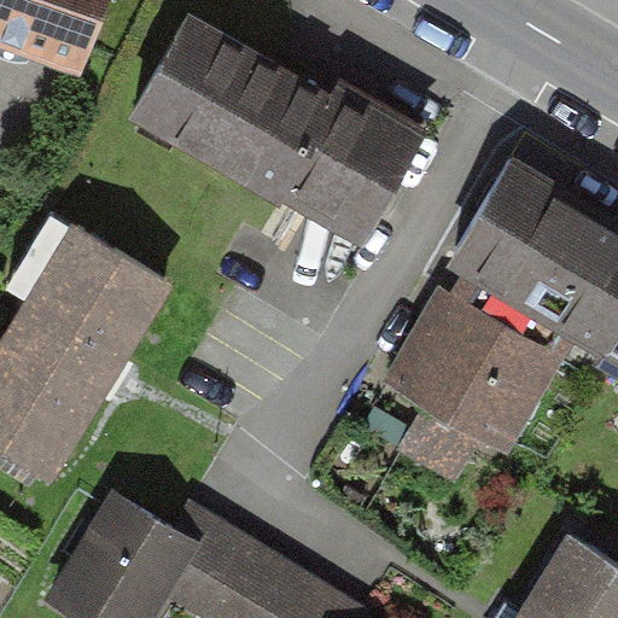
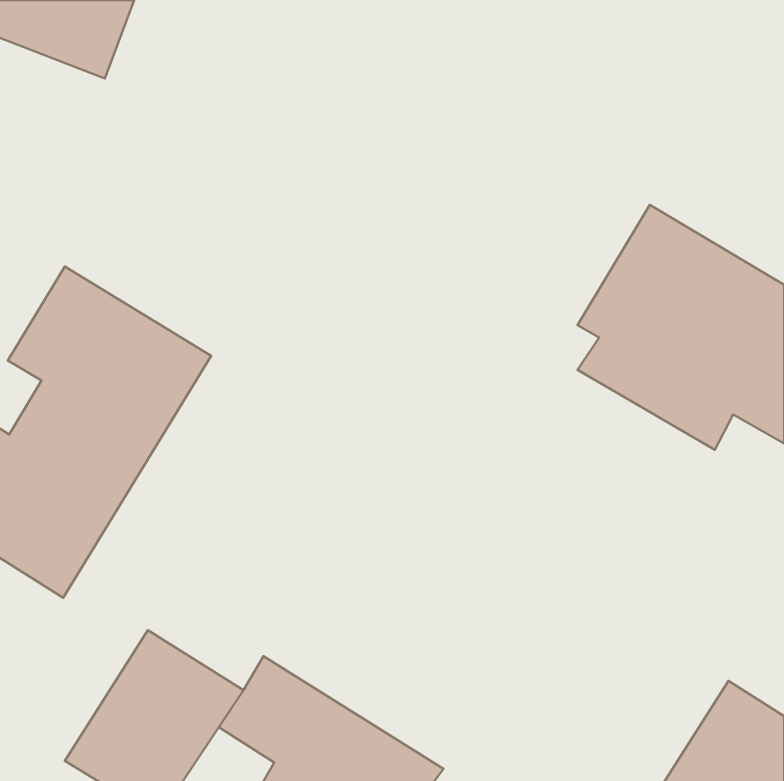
building: [134,18,421,228] -> none
building: [395,295,560,478] -> none

